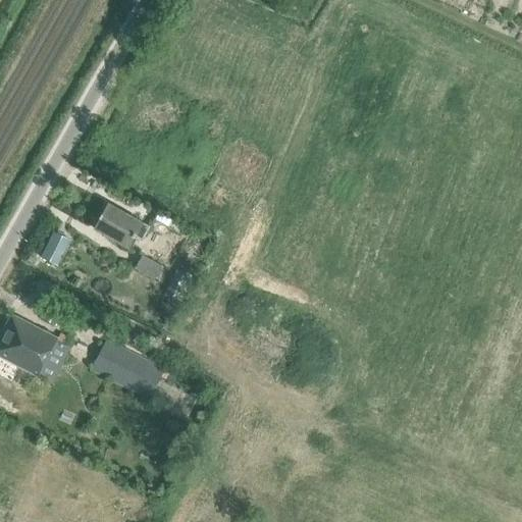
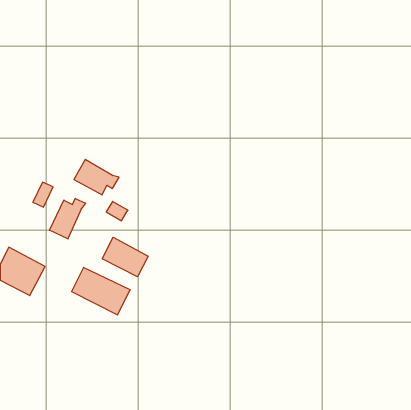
building: none -> [49,198,86,239]
building: none -> [102,237,148,277]

